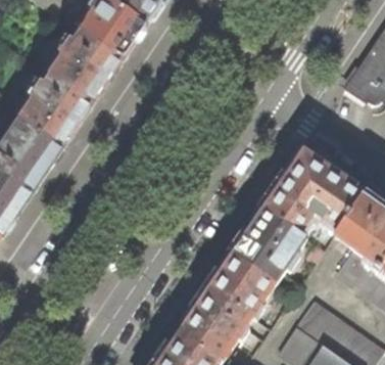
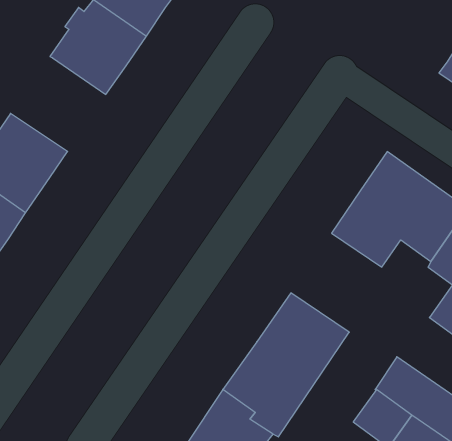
building: [19,74,91,144] -> none
building: [230,206,304,280] -> none

